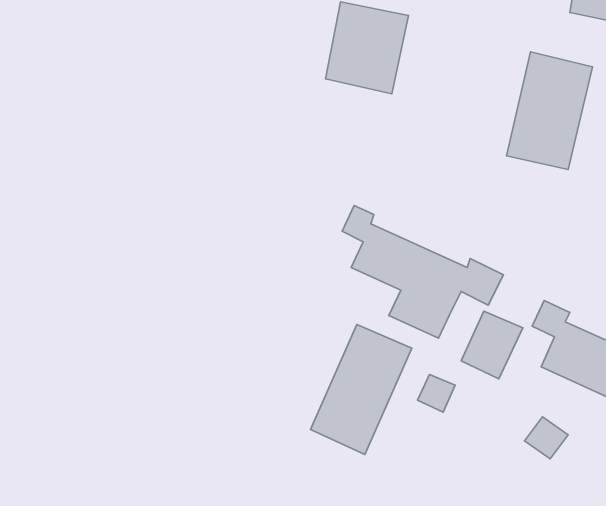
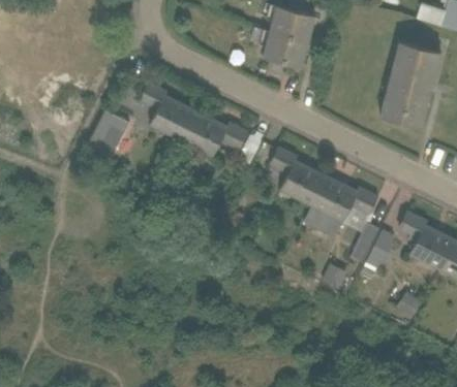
building: none -> [135,83,252,164]
building: none -> [88,108,130,155]
building: [311,325,412,454] -> none

